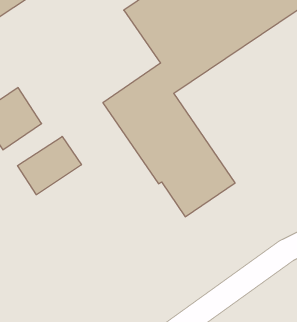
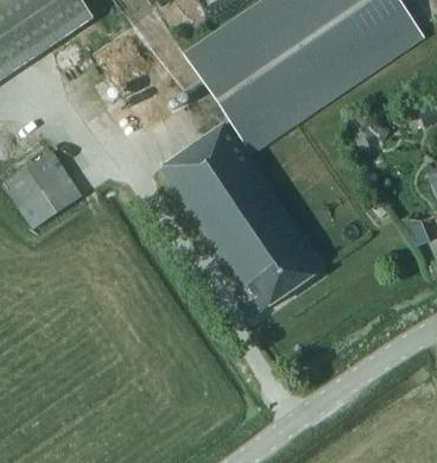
building: [18,136,81,195] -> none

